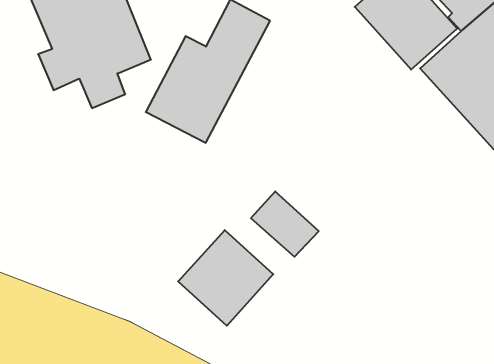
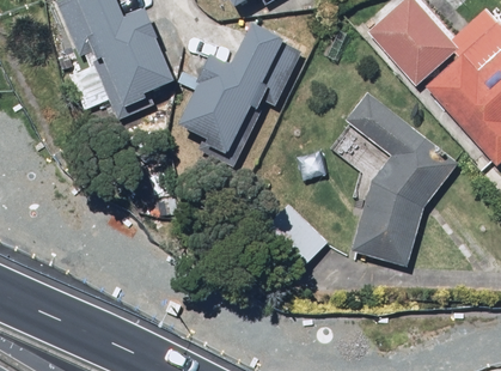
building: none -> [331,96,459,269]
building: [178,230,273,326] -> none

